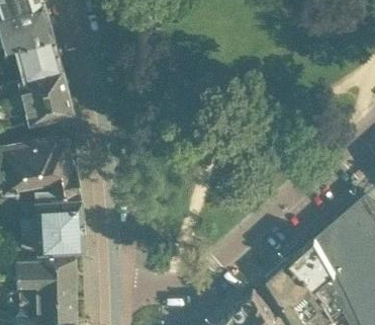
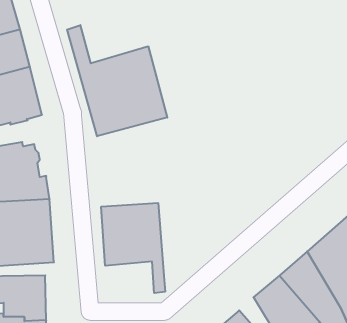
building: none -> [67,25,167,136]
building: none -> [101,203,165,293]

